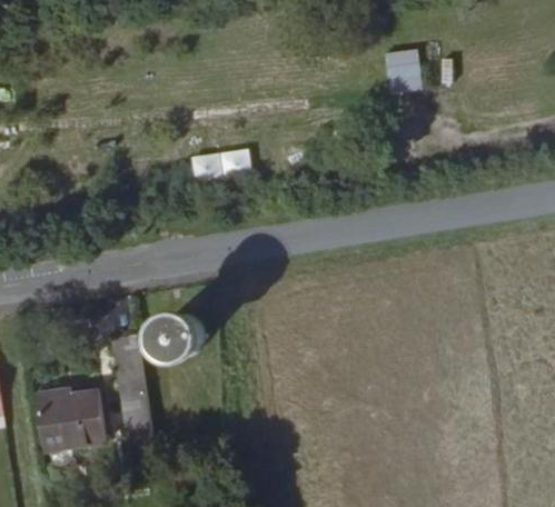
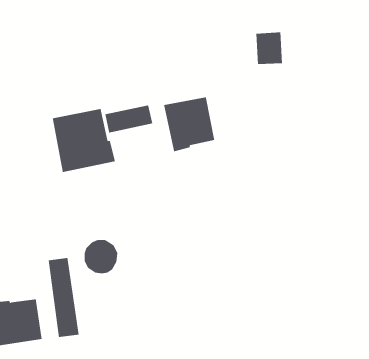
building: none -> [164,96,215,152]
building: none -> [52,108,115,173]

